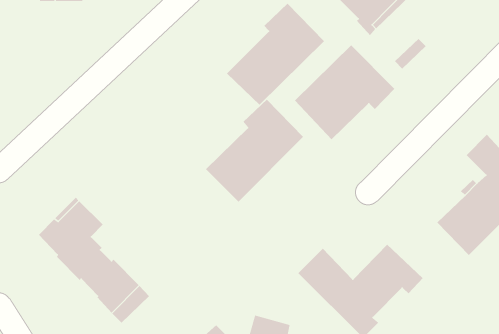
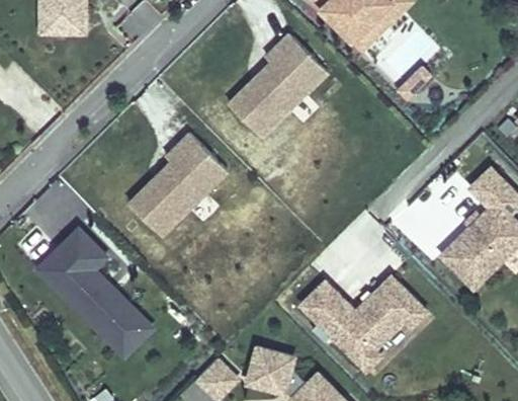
building: [294,44,395,140] -> none
building: [205,99,304,203] -> [127,131,227,235]

